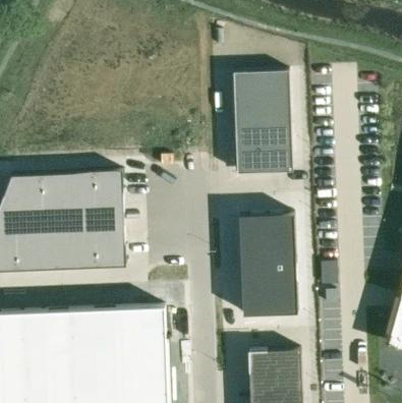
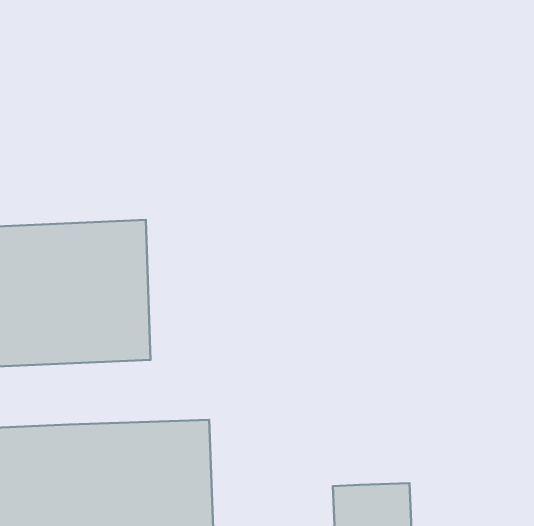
building: [234,71,294,175] -> none
building: [239,214,299,316] -> none

